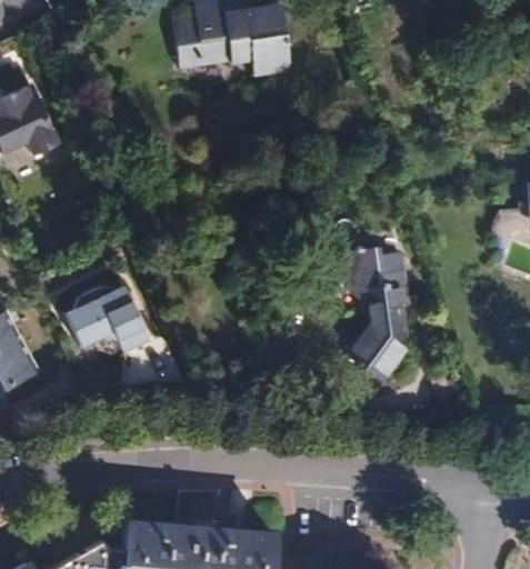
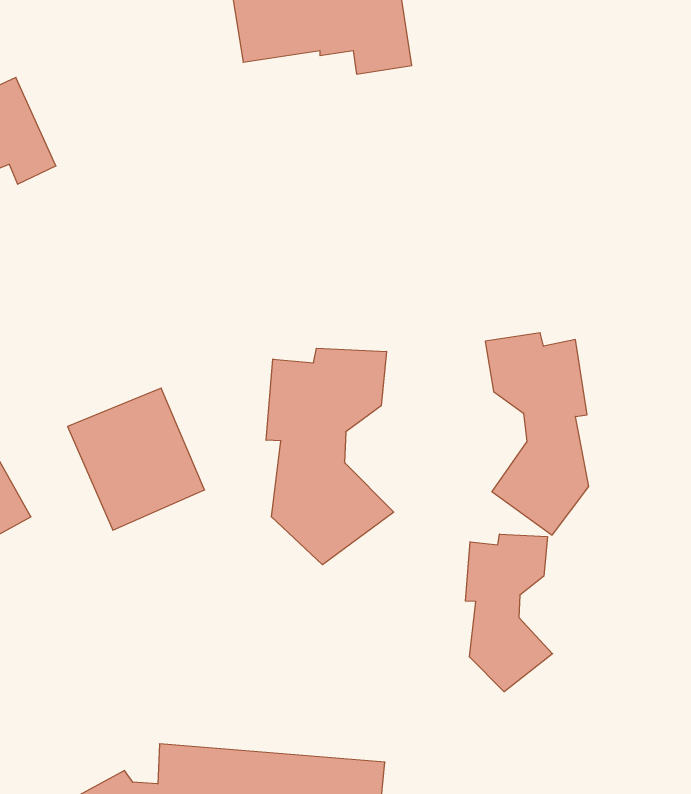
building: none -> [266,348,394,565]
building: none -> [466,534,553,692]

